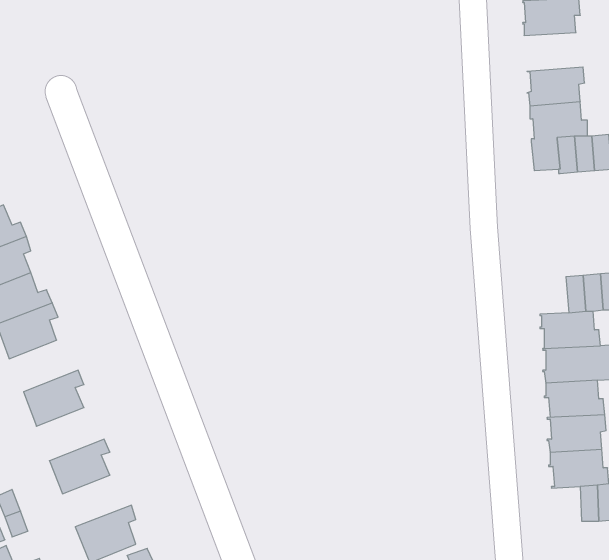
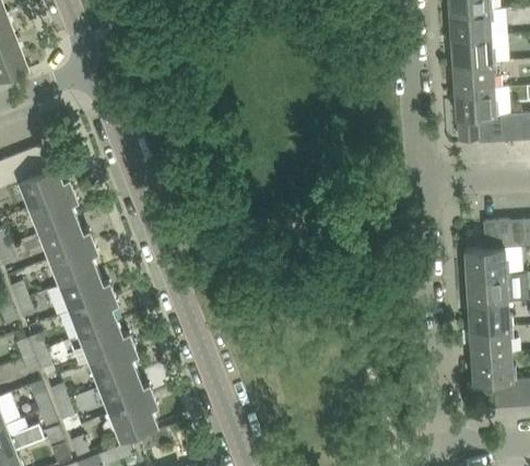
building: none -> [450,37,495,67]
building: none -> [59,271,111,310]
building: none -> [73,322,131,367]
building: none -> [99,373,152,413]

